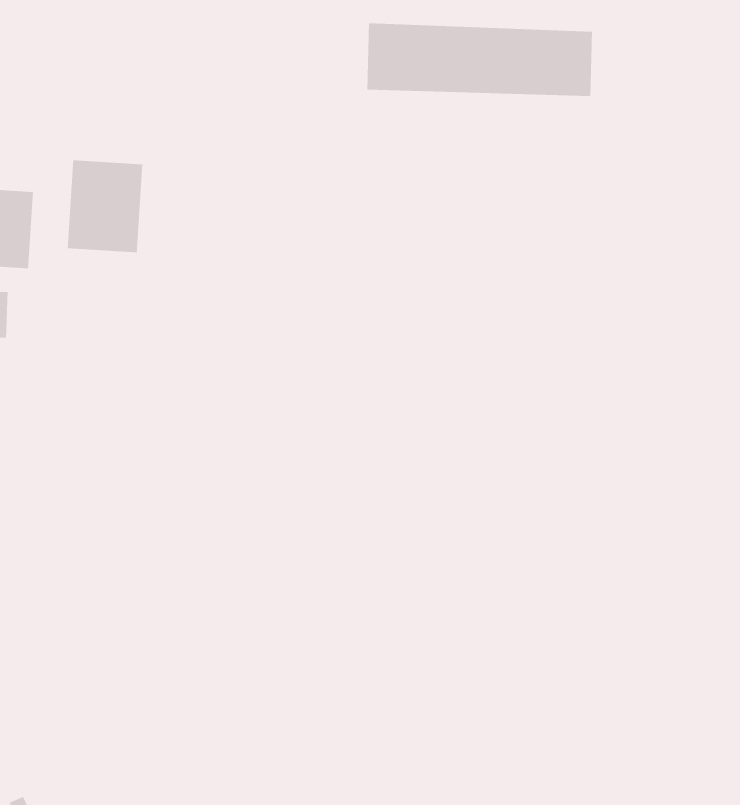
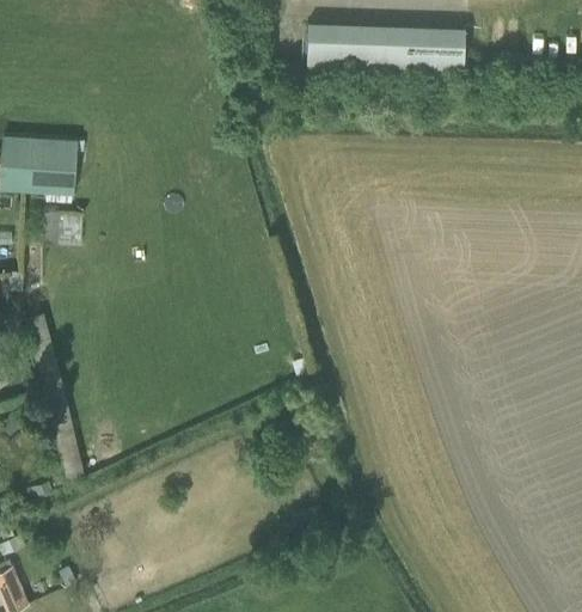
building: [67,160,143,253] -> none

